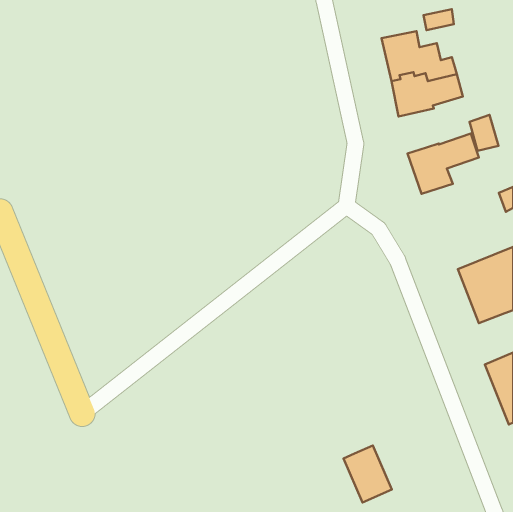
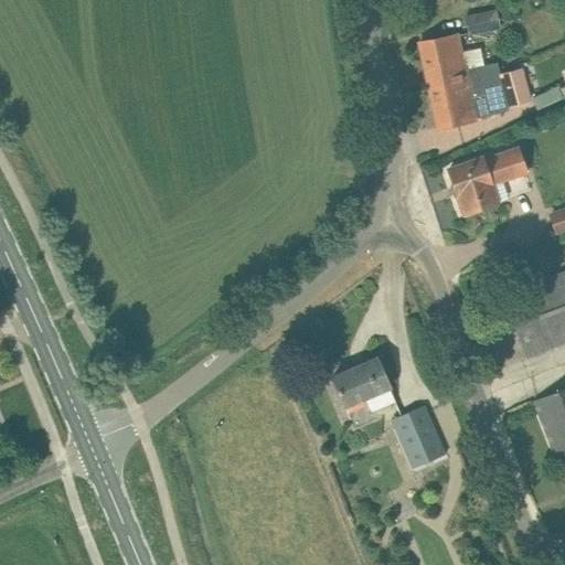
building: [469,115,498,151] -> [500,67,532,107]
building: none -> [332,359,395,411]
building: [344,445,392,503] -> [392,406,445,469]

